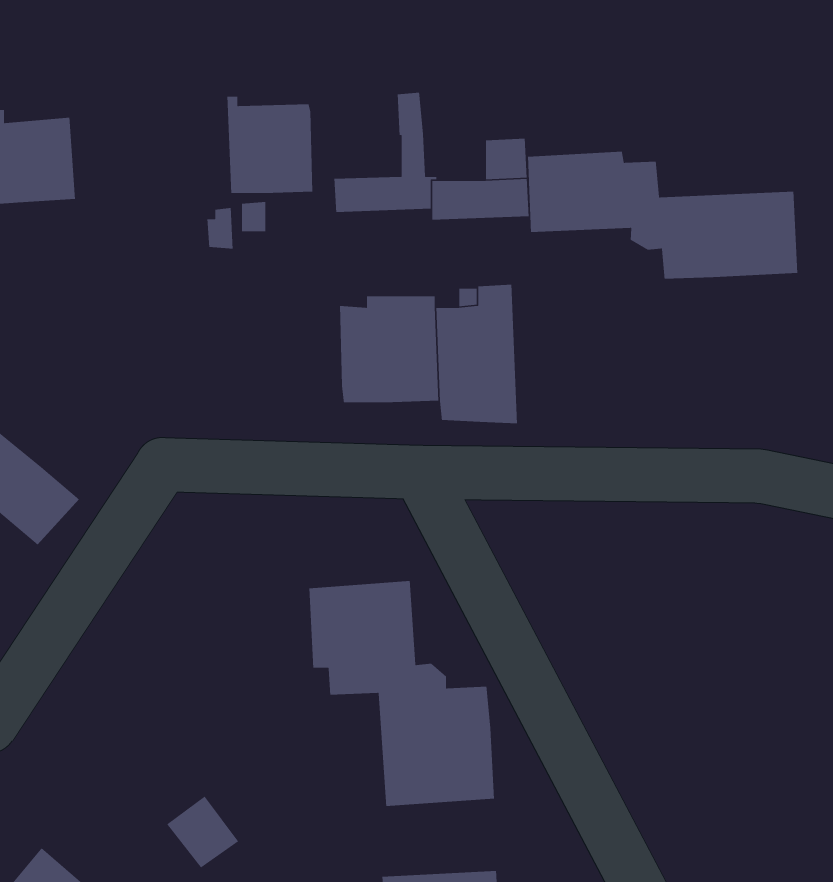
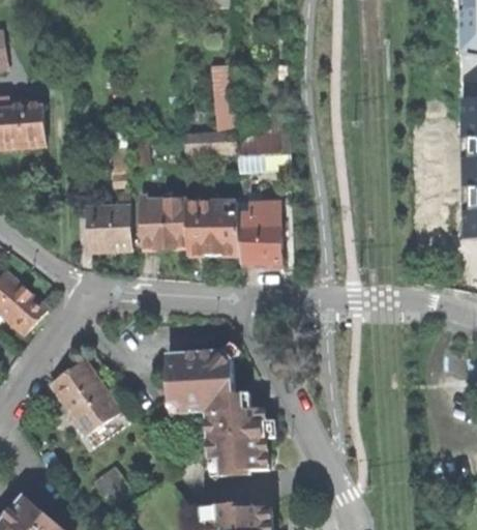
building: [227,96,313,194] -> [140,195,186,247]
building: [527,151,798,279] -> none
building: none -> [88,207,131,251]
building: none -> [51,360,120,435]

